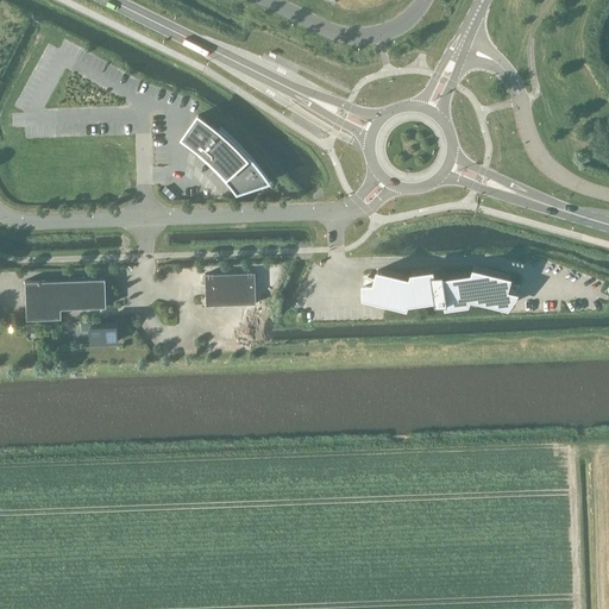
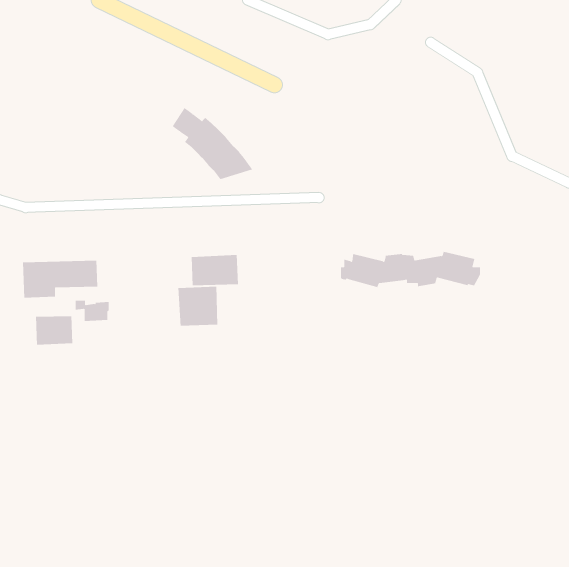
building: none -> [178,286,218,327]
building: none -> [35,315,73,346]

